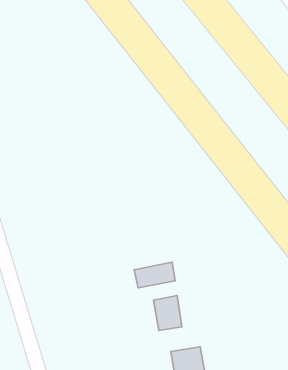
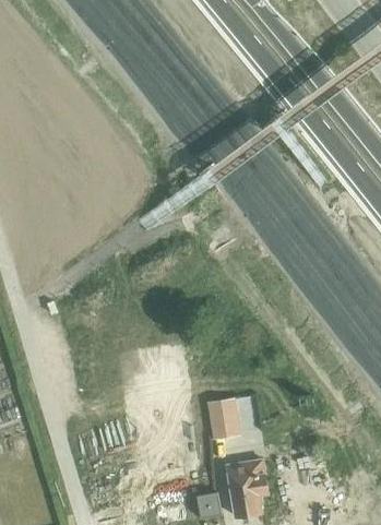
building: [134,262,175,288] -> none

